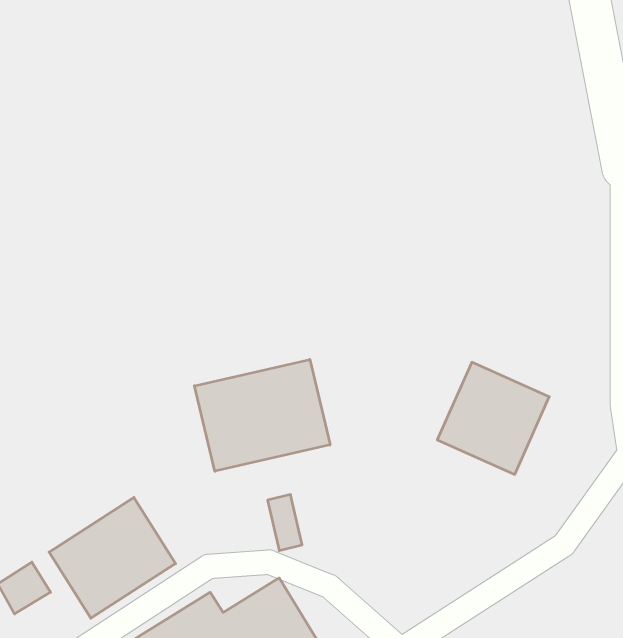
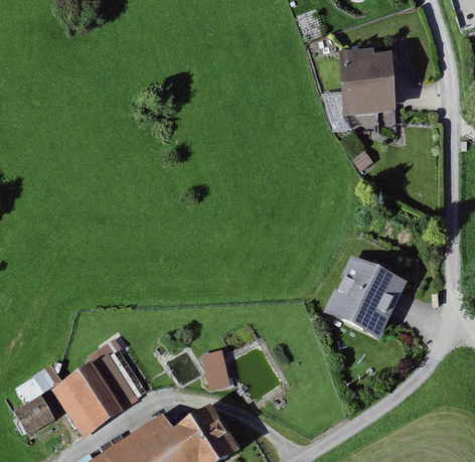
building: none -> [339,51,394,117]
building: [194,359,330,471] -> none

